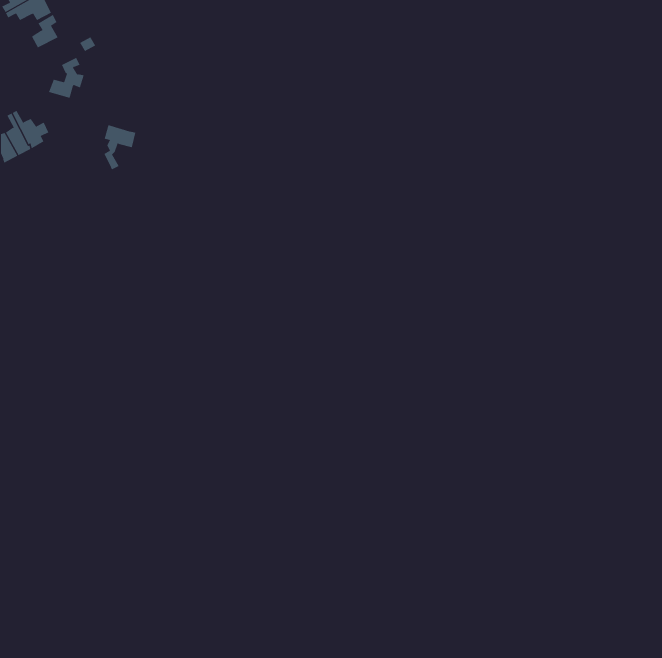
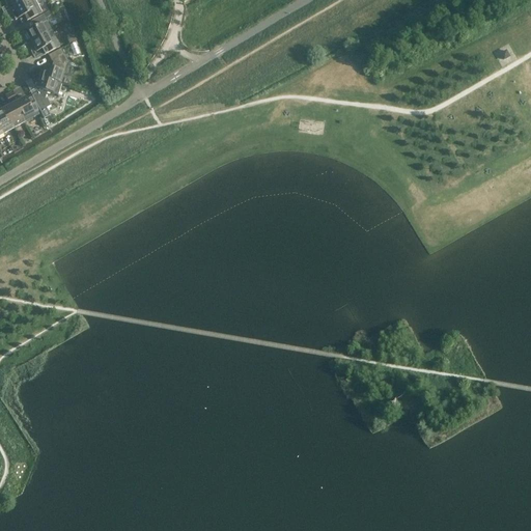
building: none -> [22,27,61,51]
building: [103,125,136,170] -> [35,74,62,110]

